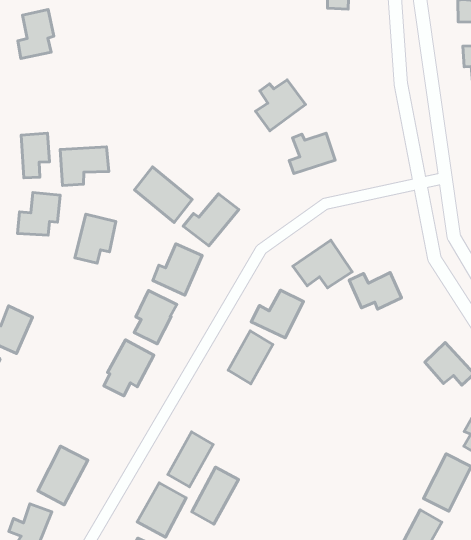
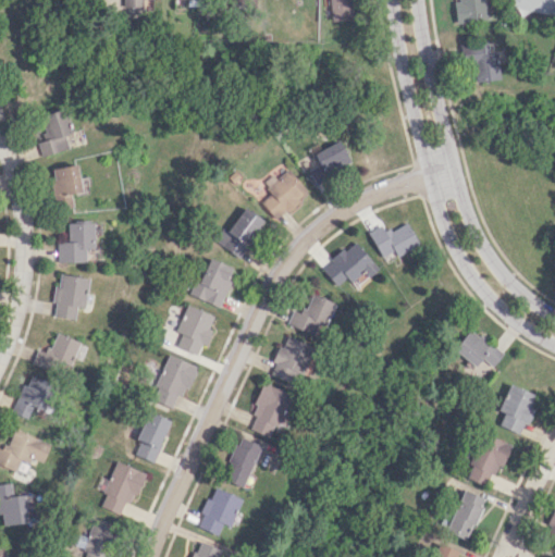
building: [18,9,54,58] -> [38,109,72,158]
building: [256,80,306,131] -> [262,170,309,220]
building: [60,147,109,186] -> none
building: [135,167,192,222] -> none
building: [75,214,116,263] -> [53,274,89,320]
building: [349,273,401,309] -> [369,222,420,258]
building: none -> [136,412,172,462]
building: [192,467,239,524] -> [247,384,288,438]

